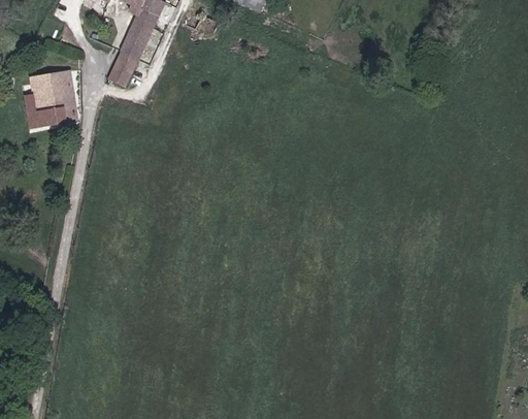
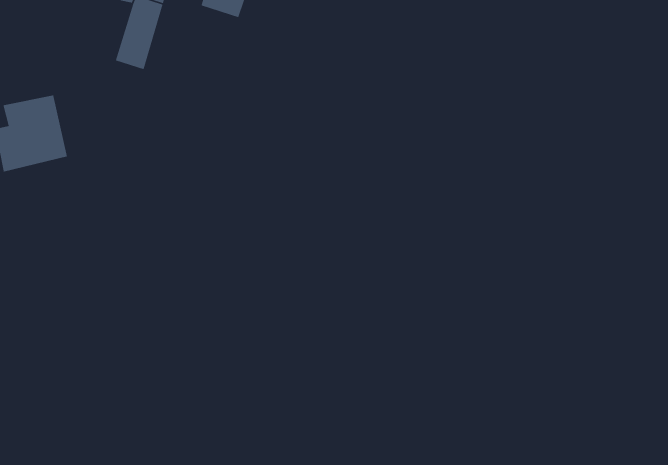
building: [107,55,138,89] -> none

